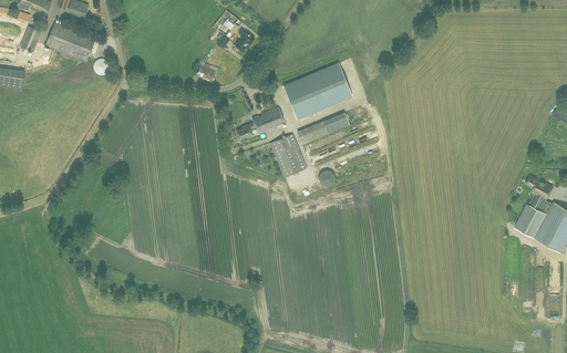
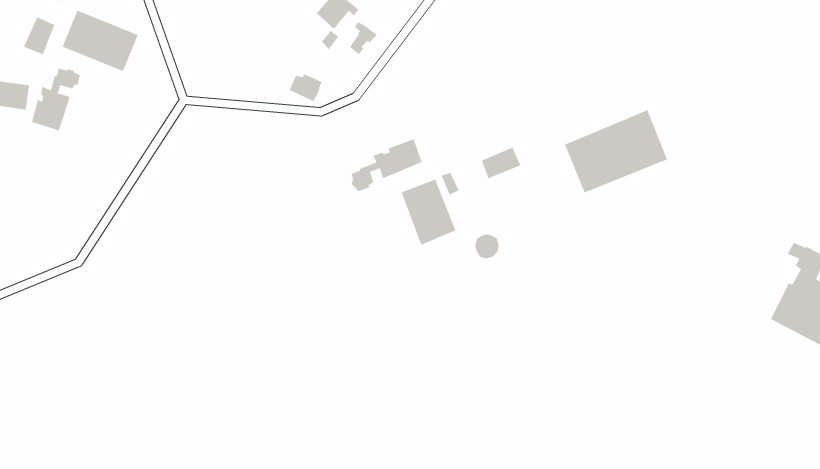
building: none -> [32,68,80,131]
building: [284,62,352,117] -> [564,109,668,193]

